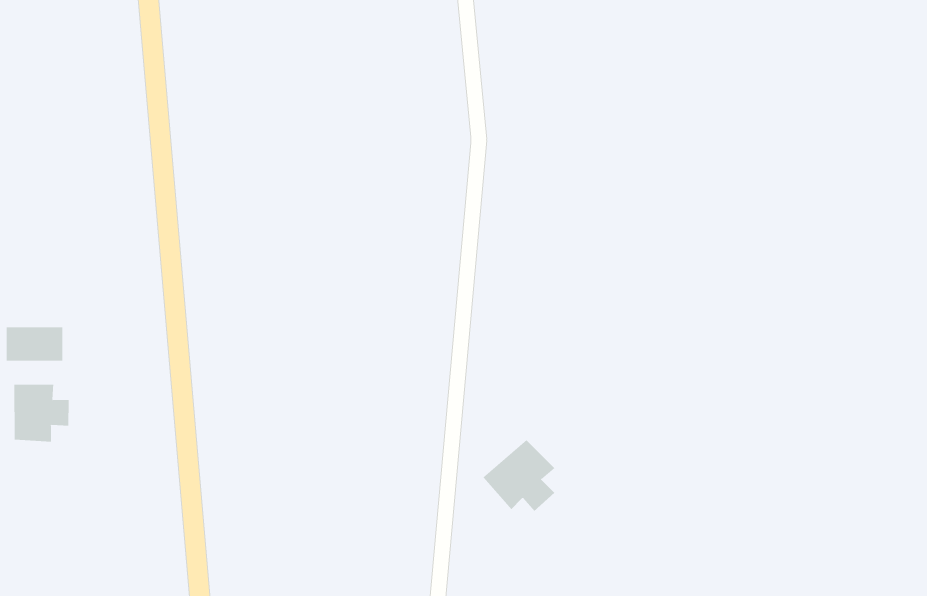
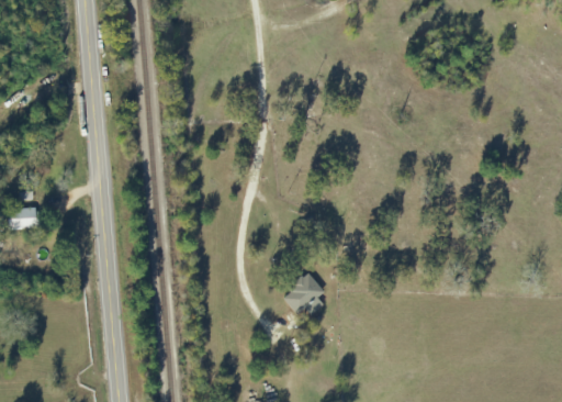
building: [14,384,69,443] -> none

